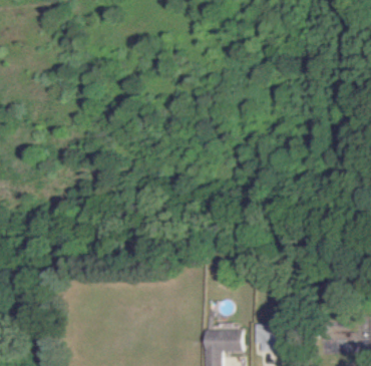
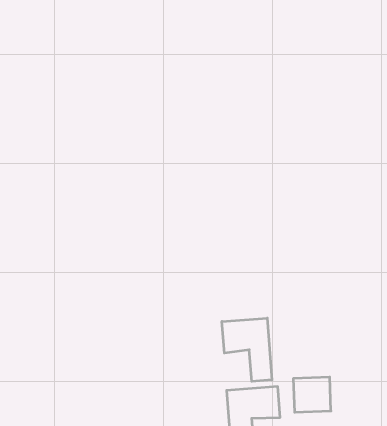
building: none -> [222,318,272,381]

